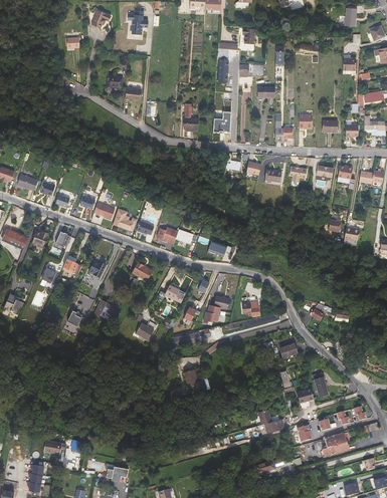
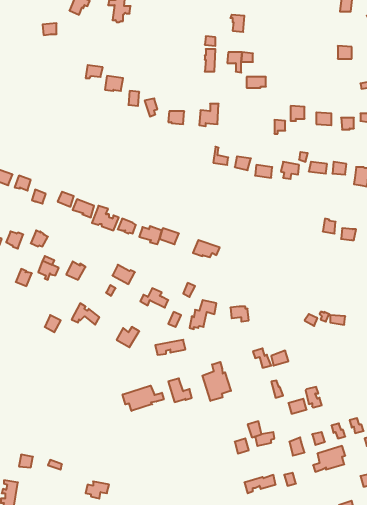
building: none -> [202,362,231,401]
building: none -> [123,386,164,411]

